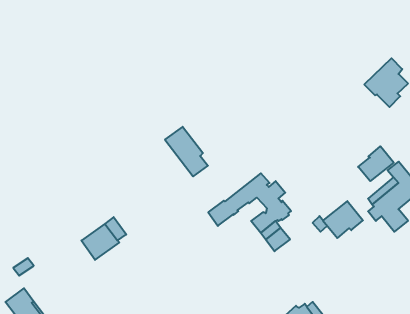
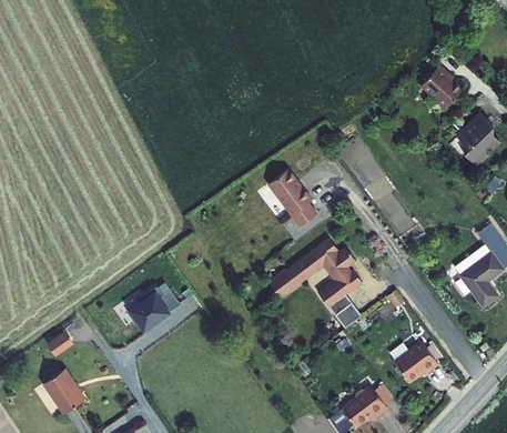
building: none -> [417,63,457,107]
building: [165,127,208,176] -> [272,180,321,236]
building: [358,146,394,181] -> none
building: [323,201,363,238] -> [397,336,443,379]

